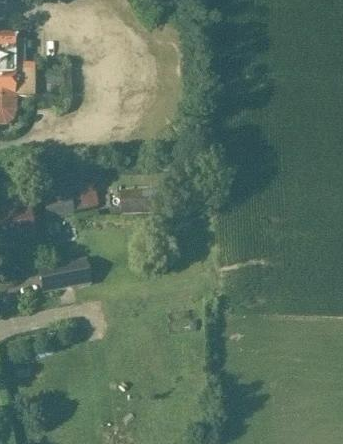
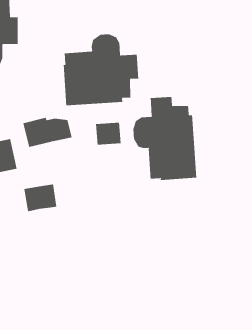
building: none -> [63,33,139,106]
building: none -> [133,96,197,181]

